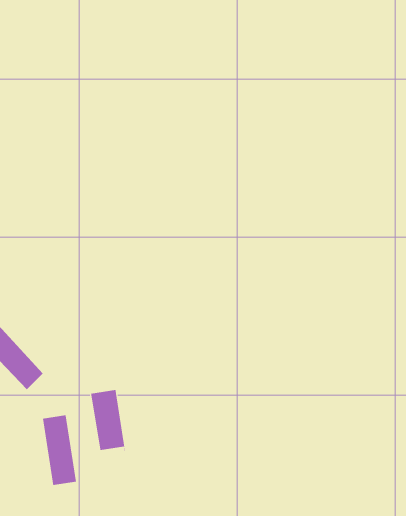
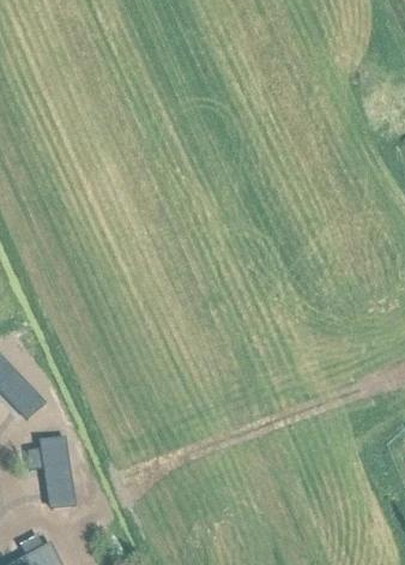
building: [91,389,125,452] -> none

